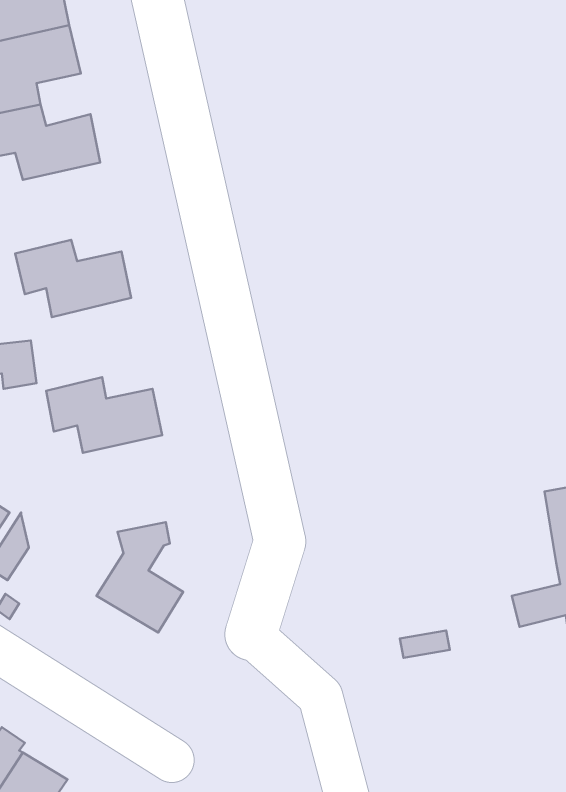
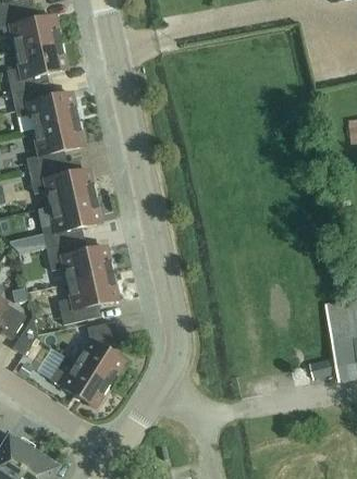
building: none -> [25,119,83,170]
building: none -> [40,195,100,247]
building: none -> [58,272,116,323]
building: none -> [49,355,109,407]

